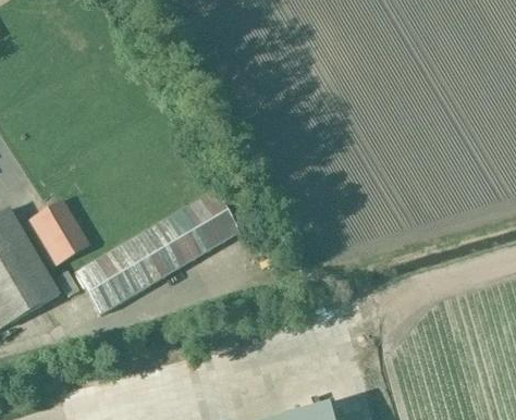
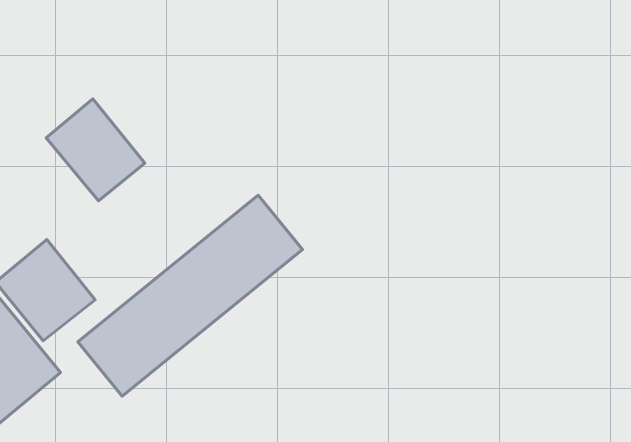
building: none -> [46,99,145,201]

